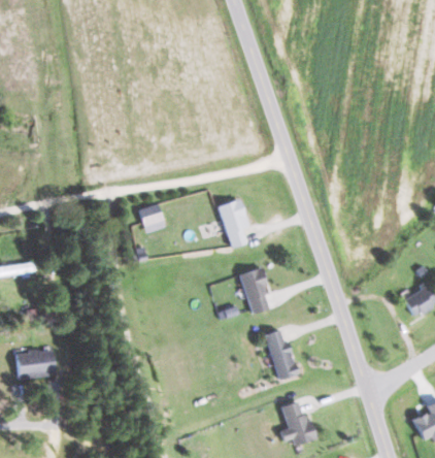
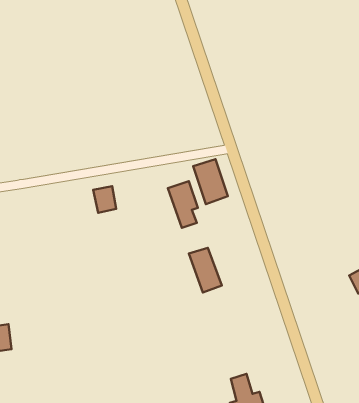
building: none -> [193,159,228,204]
building: [264,328,299,379] -> none

